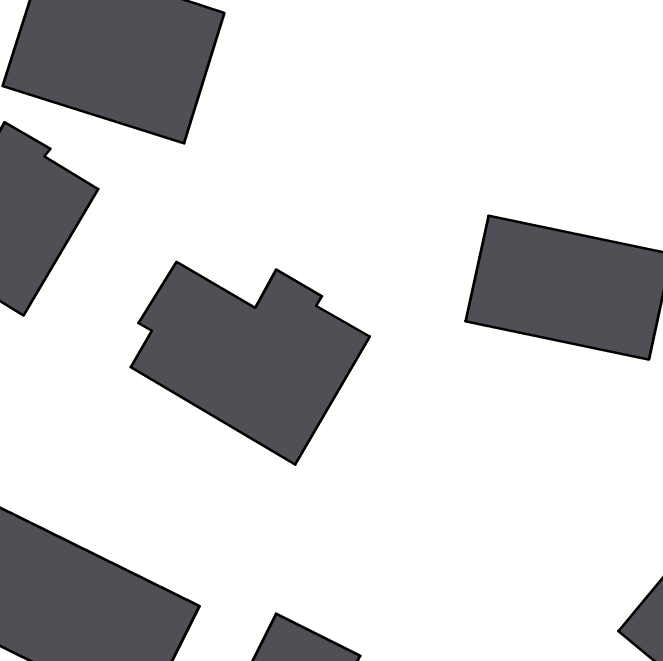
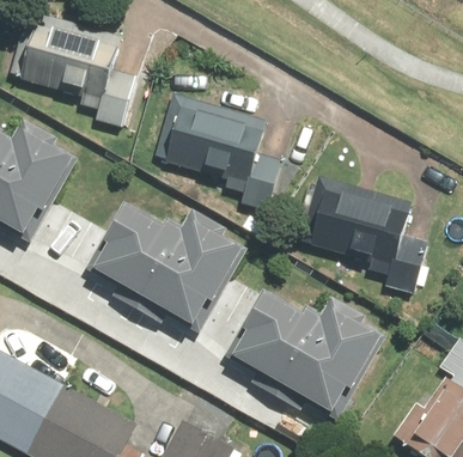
building: none -> [167,98,293,189]
building: none -> [236,293,386,420]

